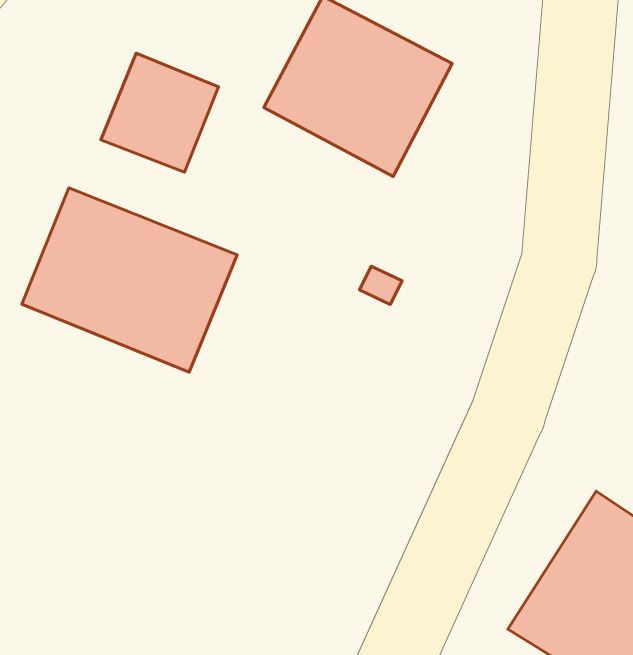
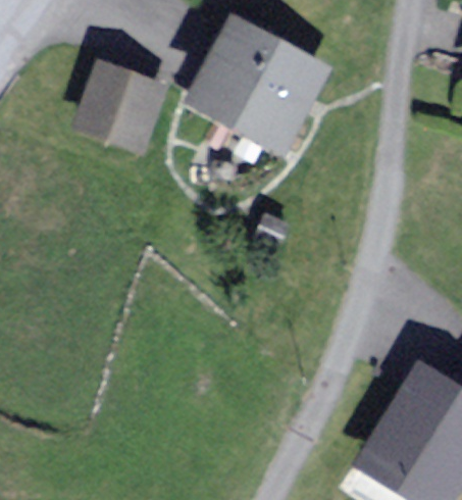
building: [22,188,237,372] -> none

